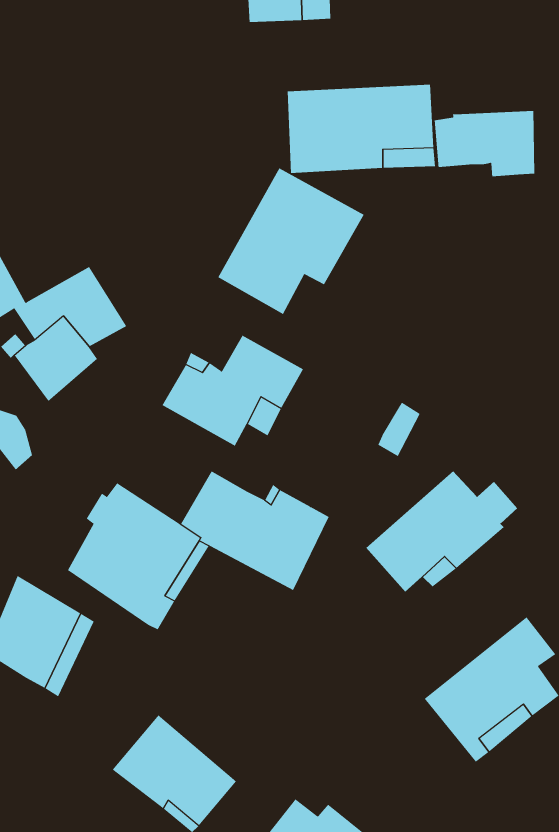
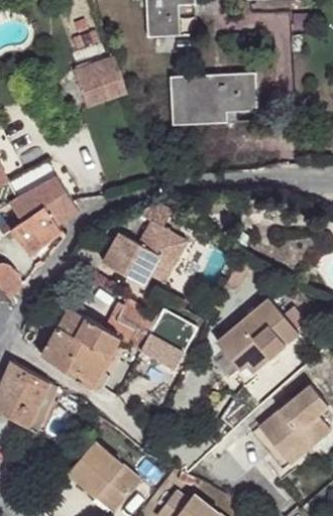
building: none -> [70,56,123,107]
building: [434,110,535,177] -> none
building: [218,167,365,315] -> none

